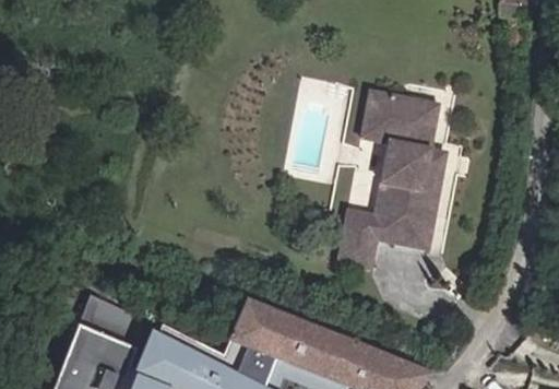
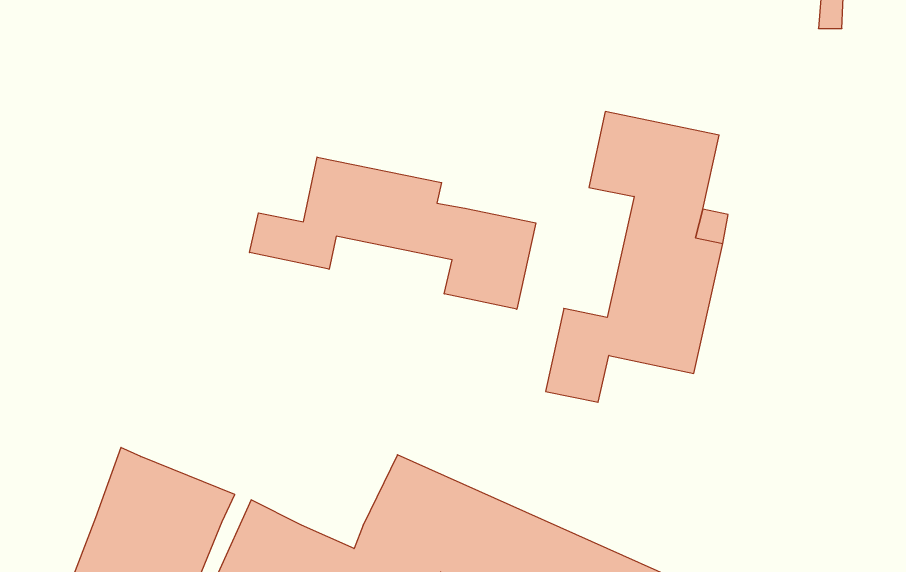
building: none -> [250,157,536,309]

